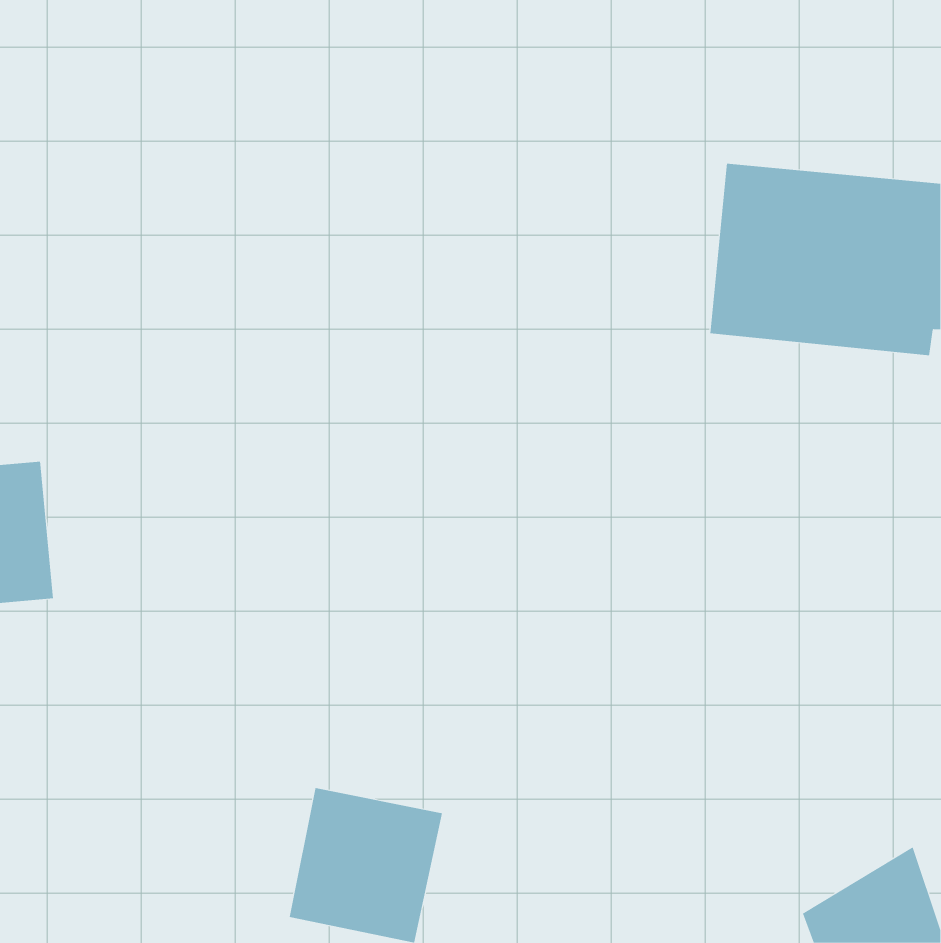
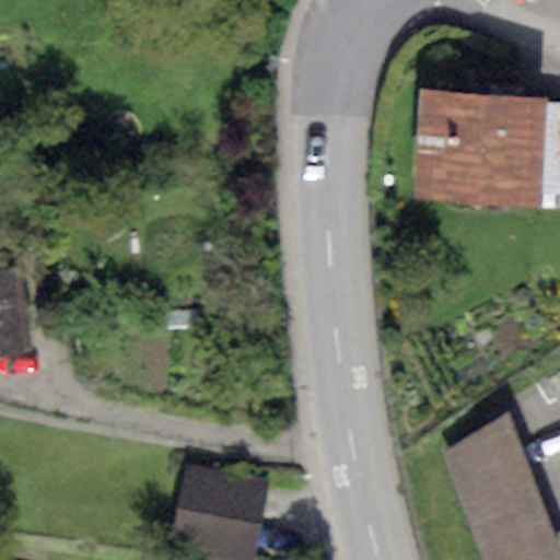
building: none -> [439,411,539,539]

